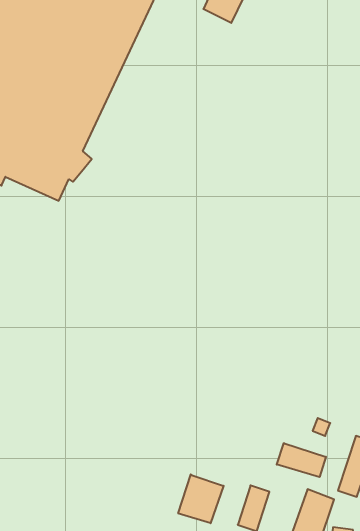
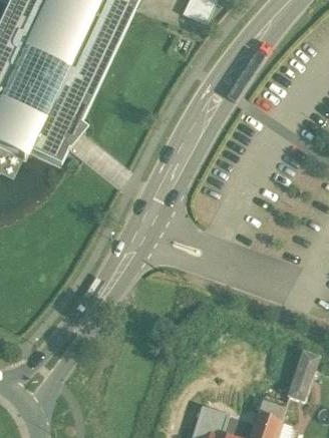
building: [277,443,326,477] -> none
building: [178,474,224,523] -> none

